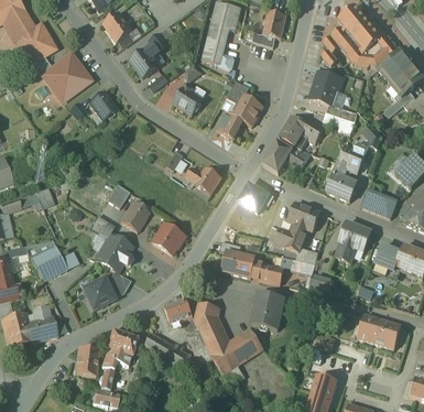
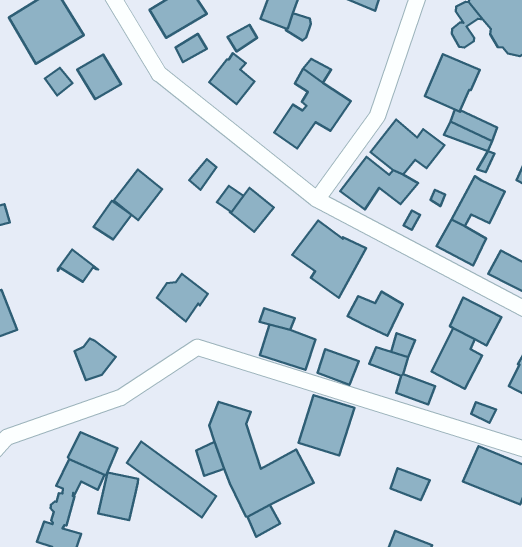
building: [120,199,150,231] -> [114,169,162,220]
building: [287,200,320,230] -> none
building: [95,232,132,271] -> none
building: [83,277,115,310] -> none
building: [164,296,193,323] -> none
building: [76,346,99,375] -> [98,472,138,520]

